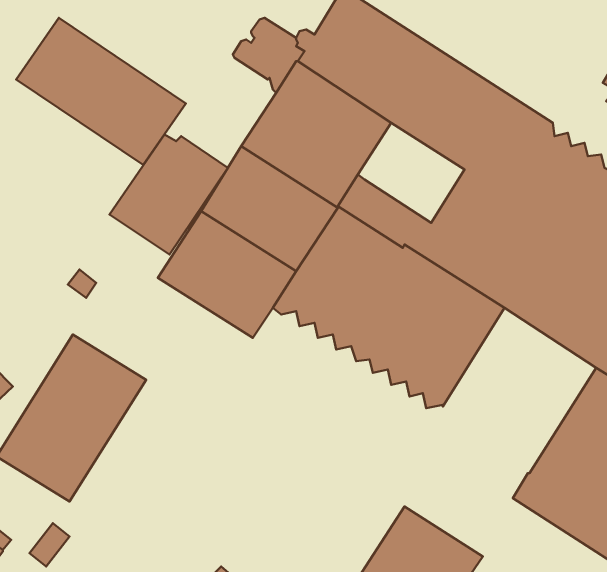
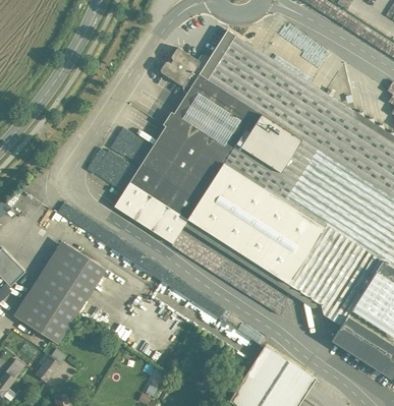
building: [16,18,186,165] -> none
building: none -> [237,112,302,173]
building: none -> [289,225,383,326]

